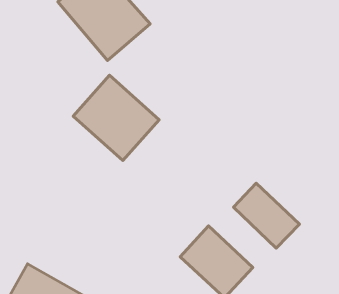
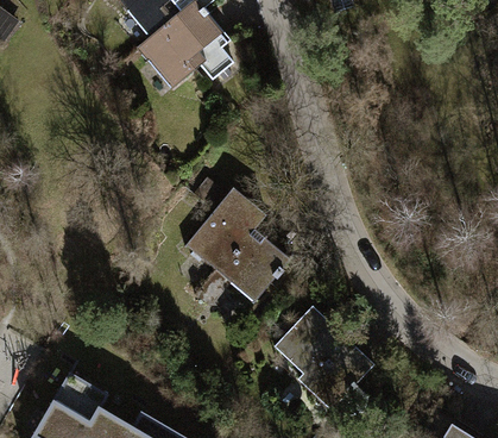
building: [73,75,159,161] -> [188,194,303,308]
building: [234,183,299,248] -> none

